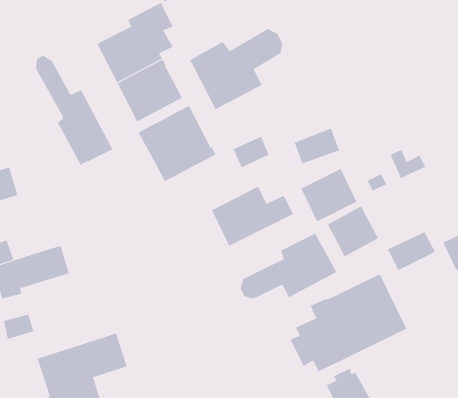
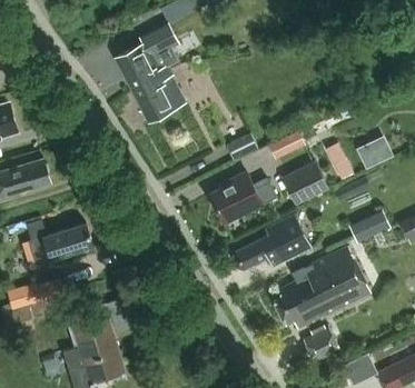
building: [190,28,283,110] -> none
building: [35,55,113,165] -> none
building: [138,105,216,182] -> none
building: [327,206,379,257] -> none

